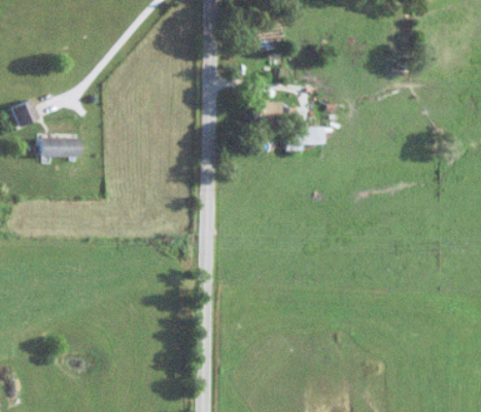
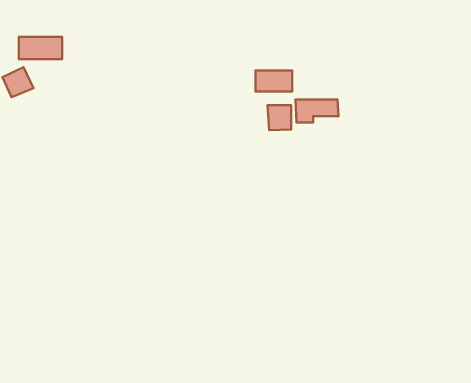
building: none -> [268,105,291,130]
building: [37,136,77,157] -> [19,37,62,59]

